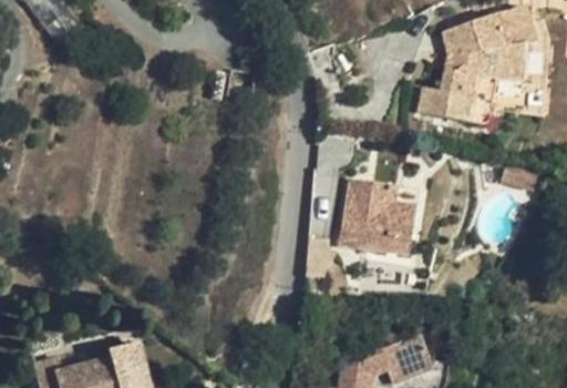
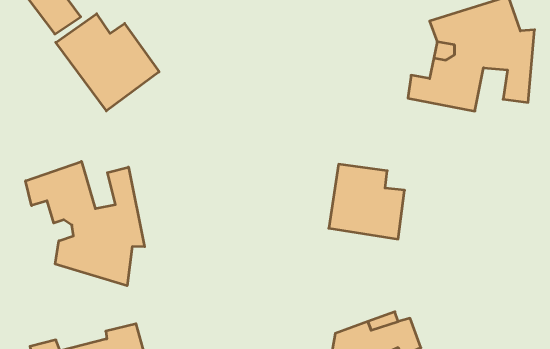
building: none -> [56,14,159,111]
building: none -> [26,161,145,286]

